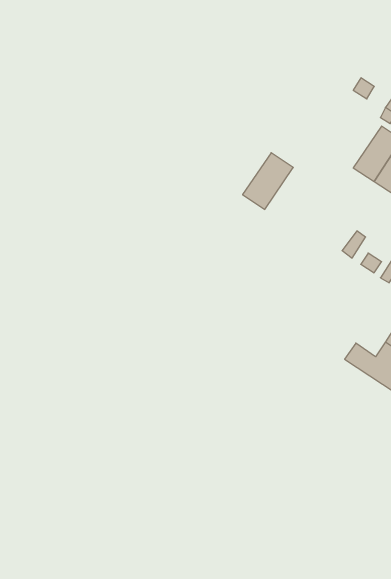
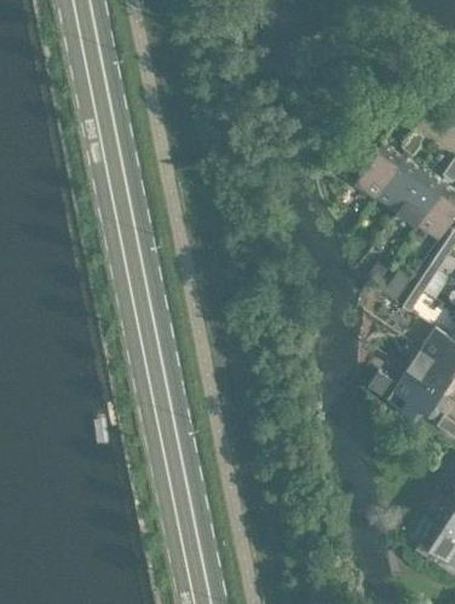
building: [243,153,293,209] -> [353,143,403,198]

